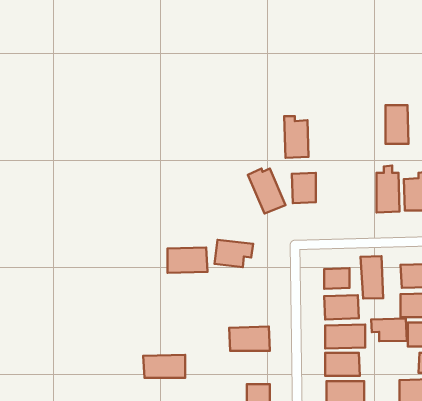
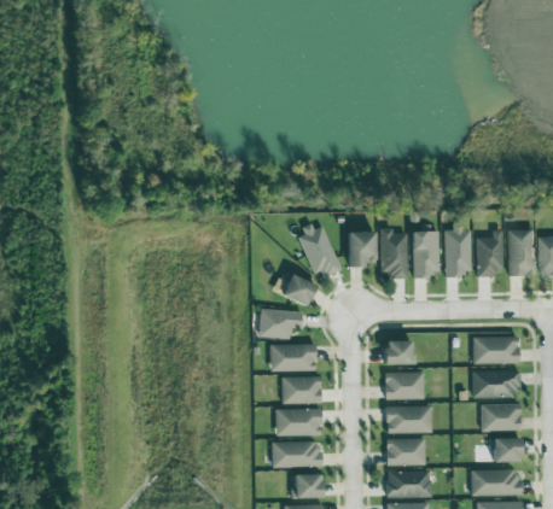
building: [386,105,409,144] -> [412,230,438,275]
building: [284,116,308,158] -> [379,228,407,276]
building: none -> [281,274,315,305]
building: [168,248,207,273] -> [269,343,315,371]
building: [361,256,383,298] -> none
building: none -> [281,376,320,403]
building: [371,319,407,341] -> none
building: [143,355,185,378] -> [270,440,319,467]

